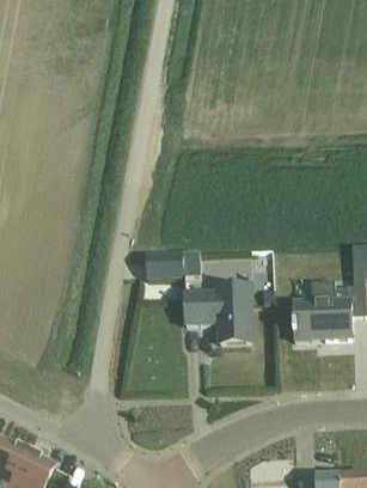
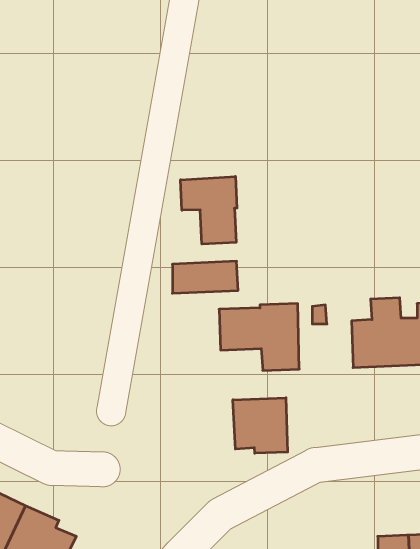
building: none -> [181,176,237,244]
building: none -> [233,398,288,453]

